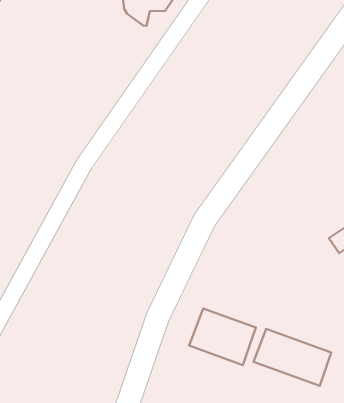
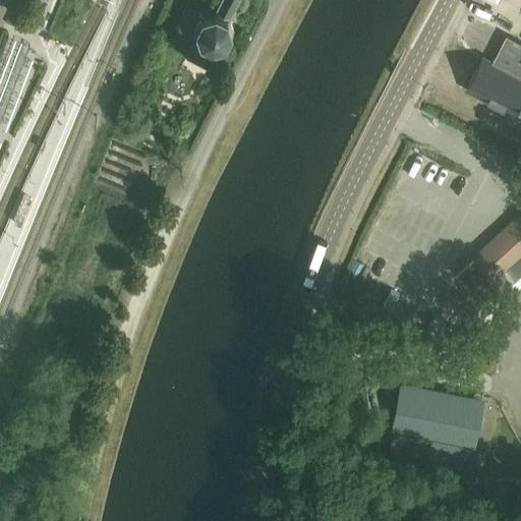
building: [189,309,256,365] -> none

